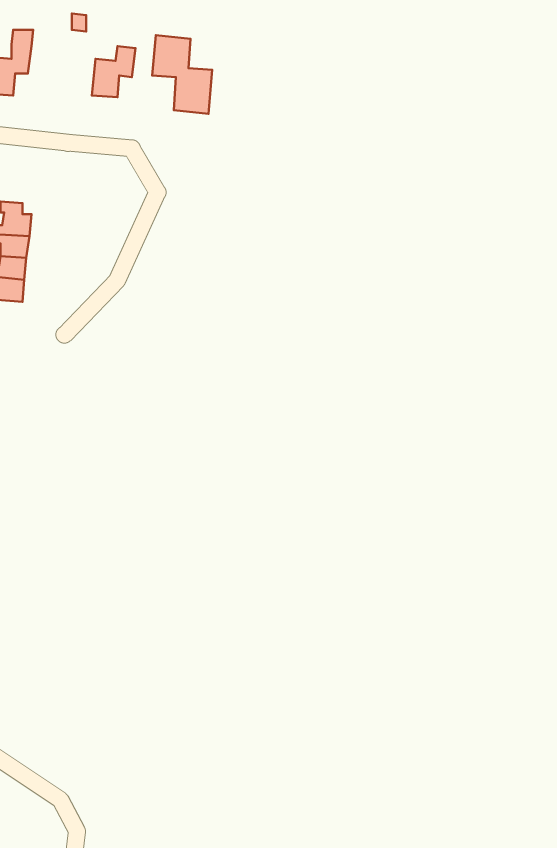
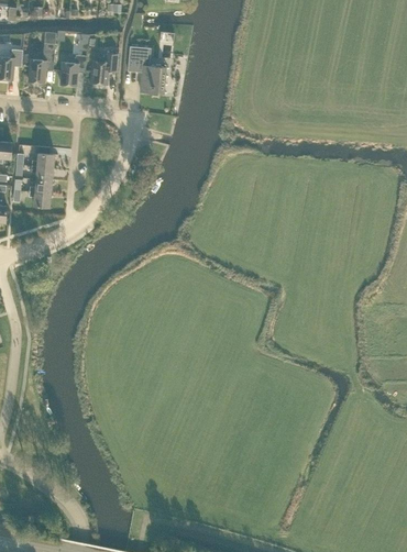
building: none -> [59,55,86,86]

